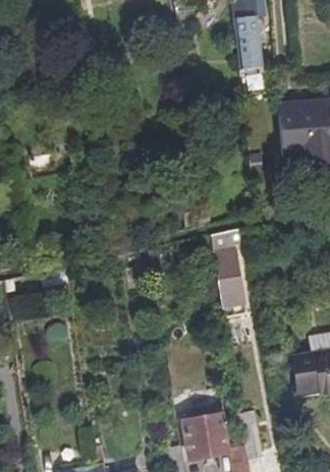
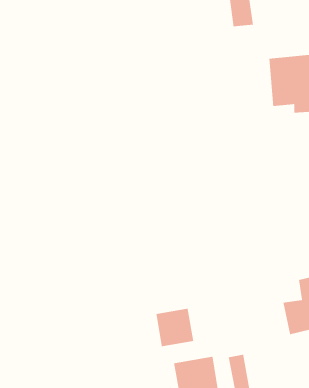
building: [213,250,243,307] -> none
building: none -> [155,308,194,347]

